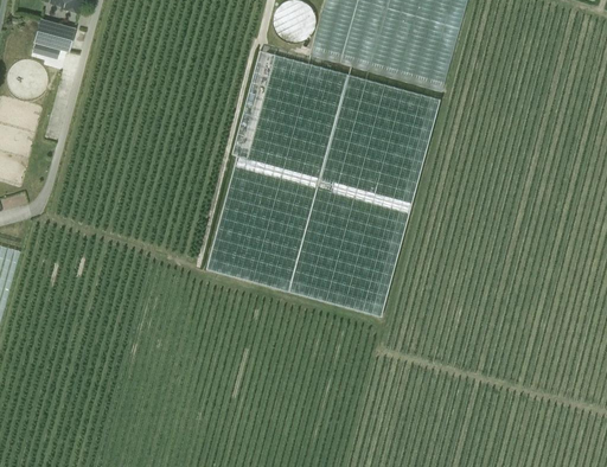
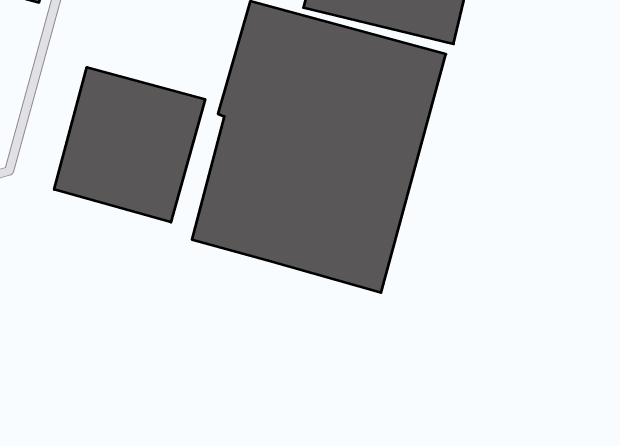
building: none -> [54,67,205,222]

